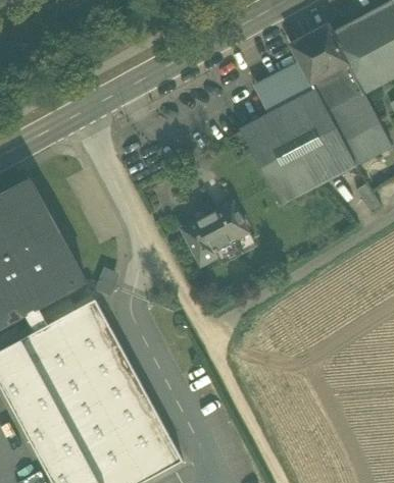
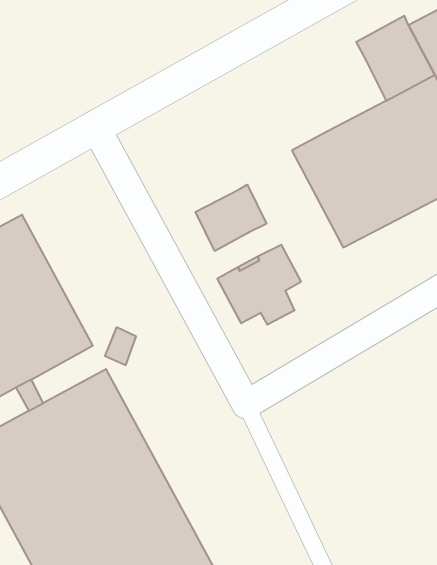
building: [252,60,313,114] -> none
building: none -> [195,185,266,251]

